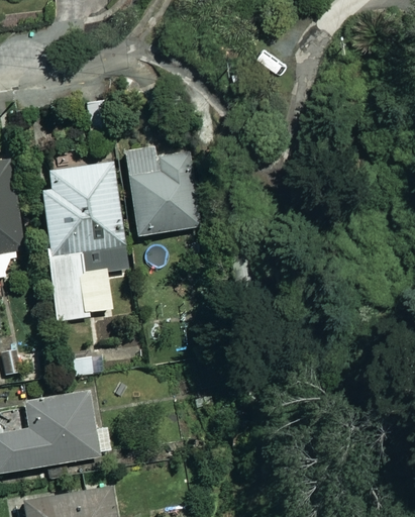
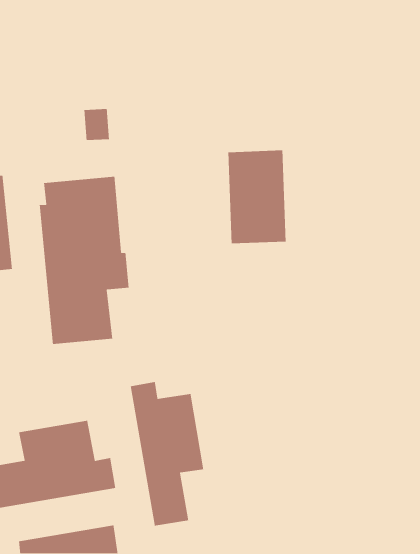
building: [132,151,187,239] -> [228,150,286,244]
building: none -> [130,381,204,527]

